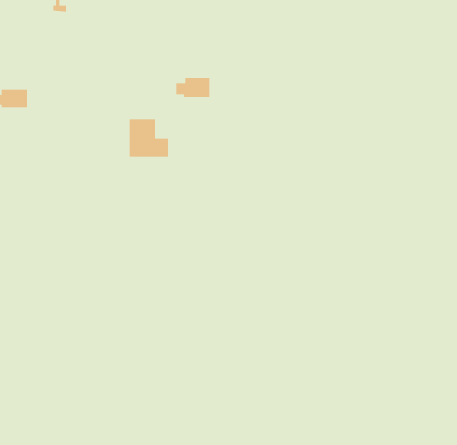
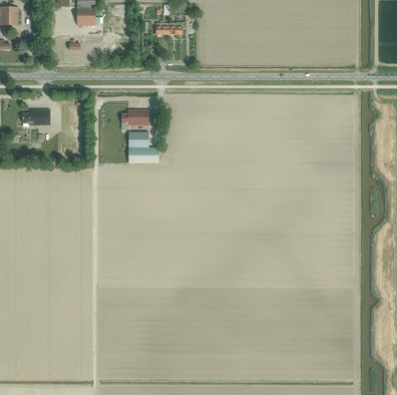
building: [175,77,210,98] -> [121,109,148,125]

